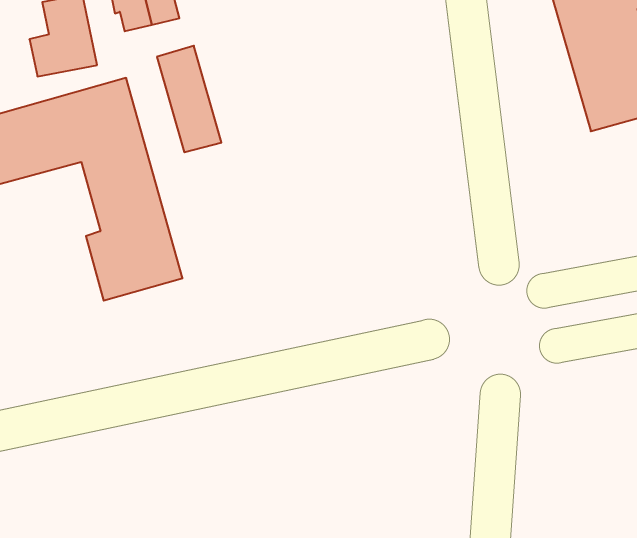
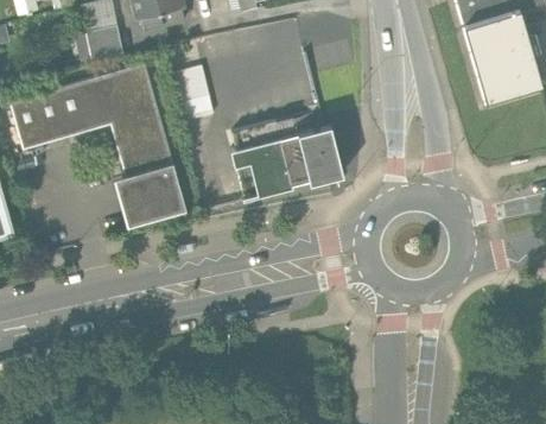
building: none -> [229,115,343,198]

